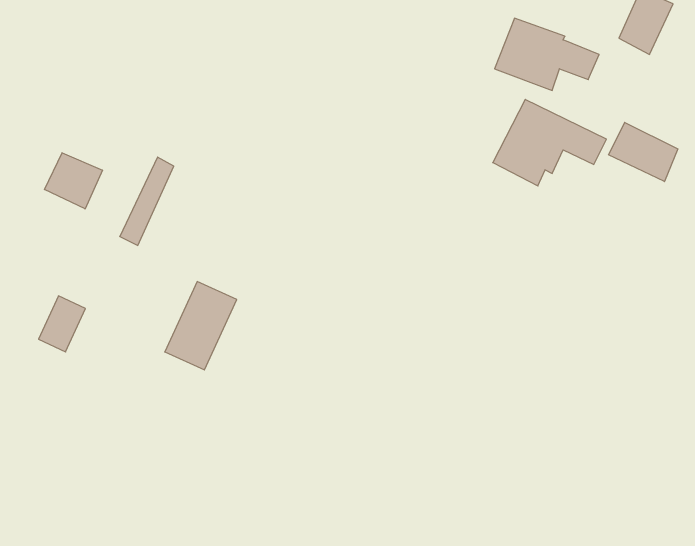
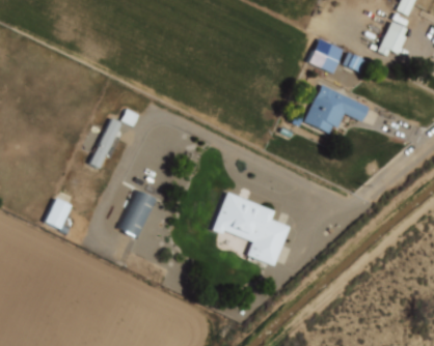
building: [609,122,678,182] -> none
building: [45,153,102,209] -> none
building: none -> [212,192,290,265]

